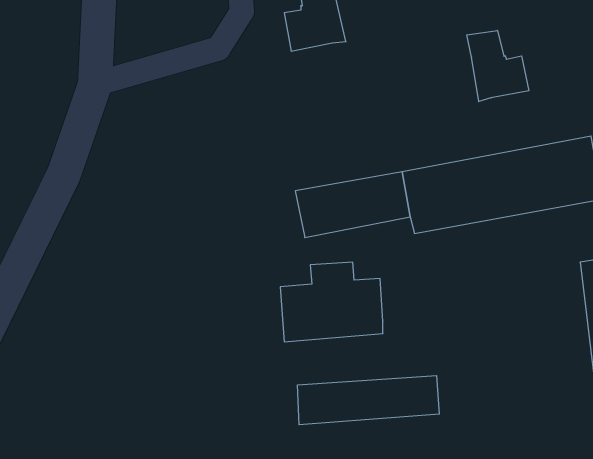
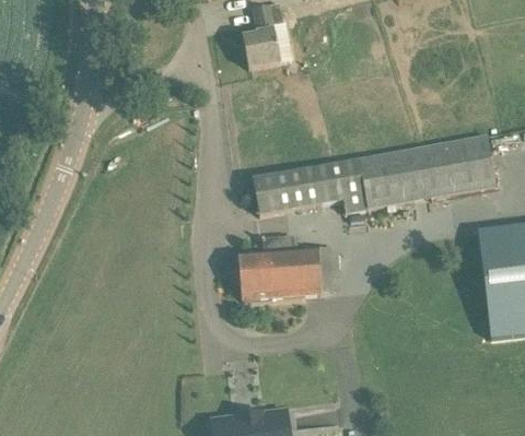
building: [467,30,529,102] -> none
building: [298,376,439,425] -> none

